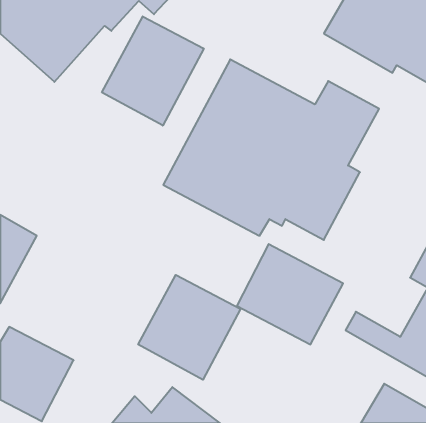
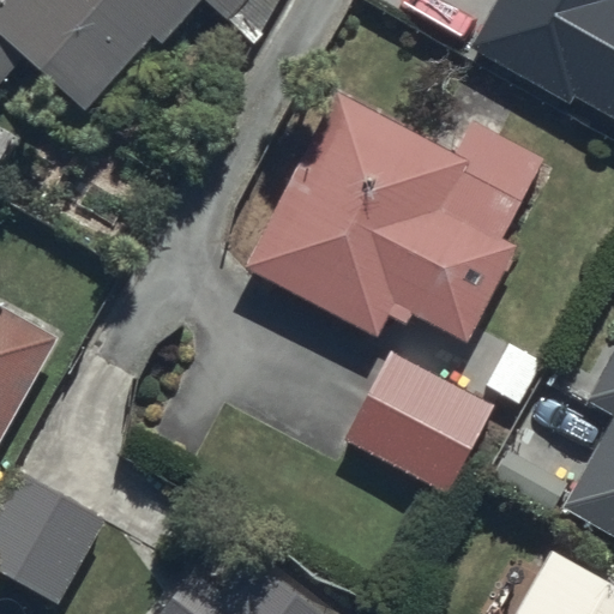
building: [102,16,204,126] -> none
building: [138,275,241,380] -> none

